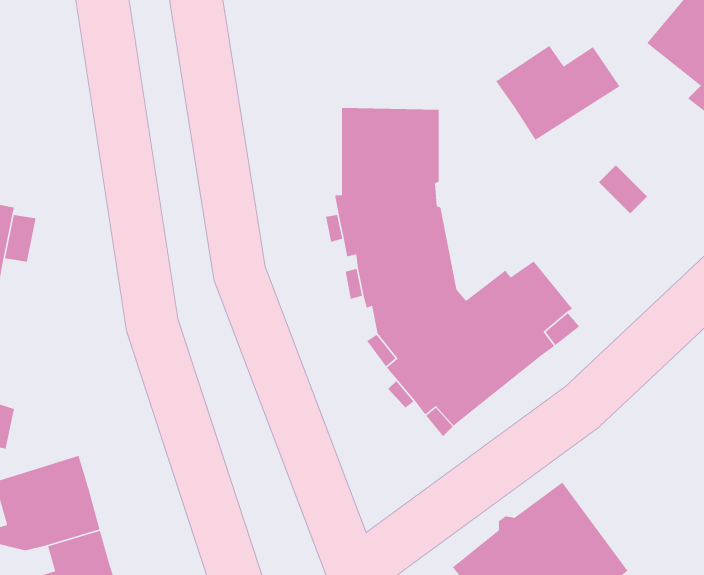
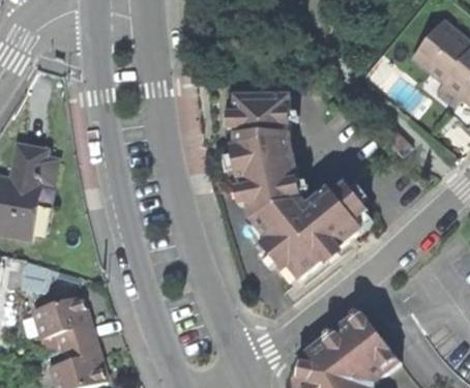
building: [495,45,620,141] -> none

